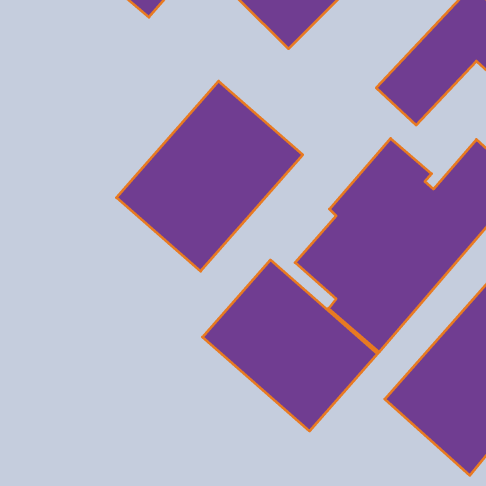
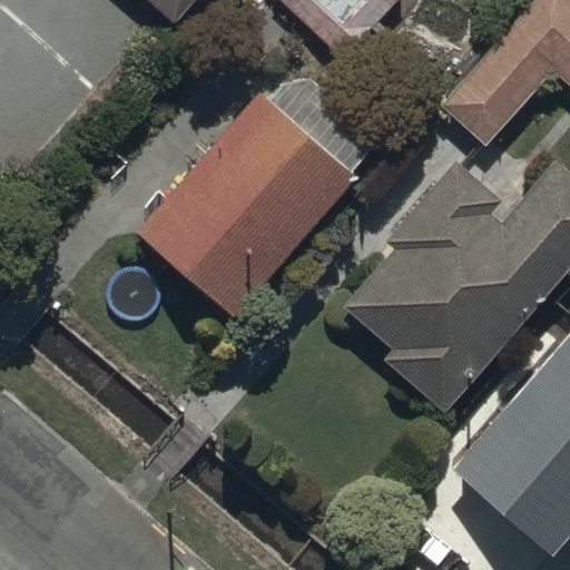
building: [202,260,378,431] -> none

